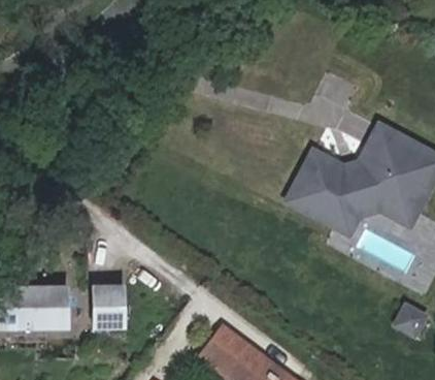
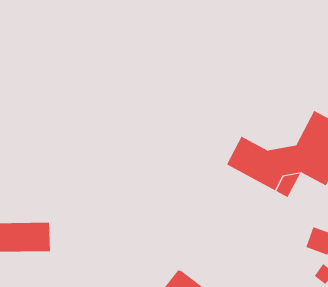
building: [304,132,394,188] -> none
building: [96,277,122,314] -> none

